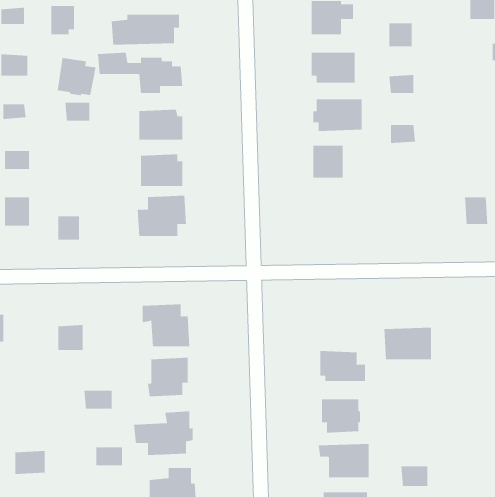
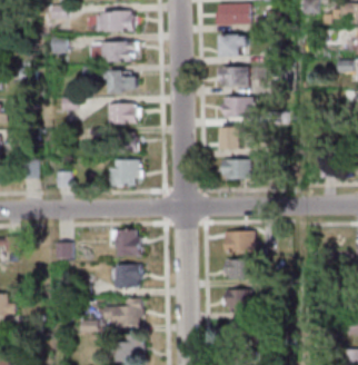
building: [57,57,96,96] -> none
building: none -> [222,159,251,179]
building: [383,327,432,360] -> [225,230,256,251]

